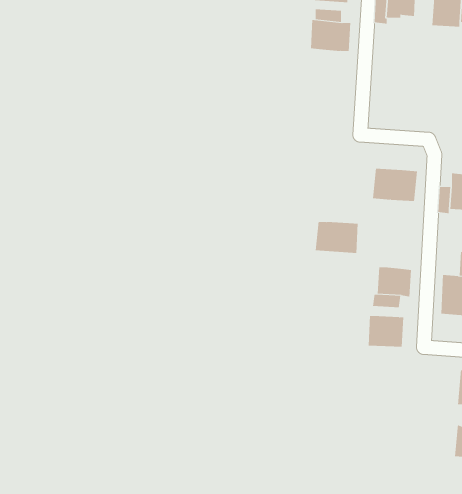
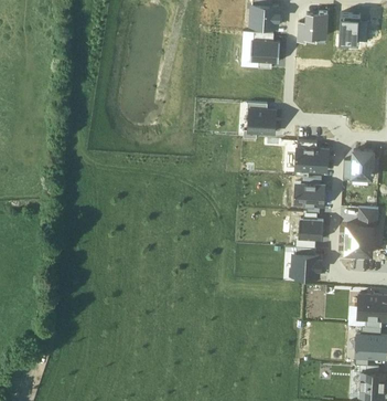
building: none -> [248,109,276,133]
building: [315,222,359,253] -> [293,183,325,207]

